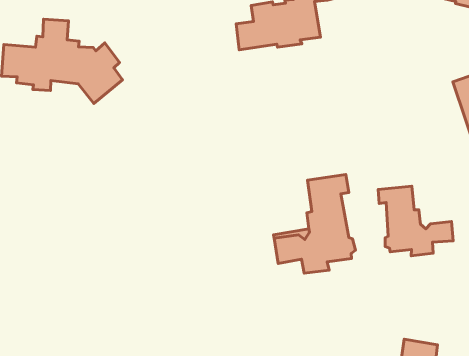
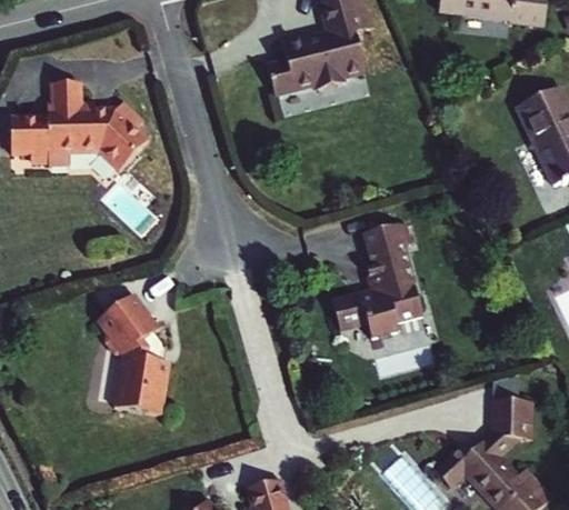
building: [378,186,453,256] -> none
building: none -> [96,296,169,414]

